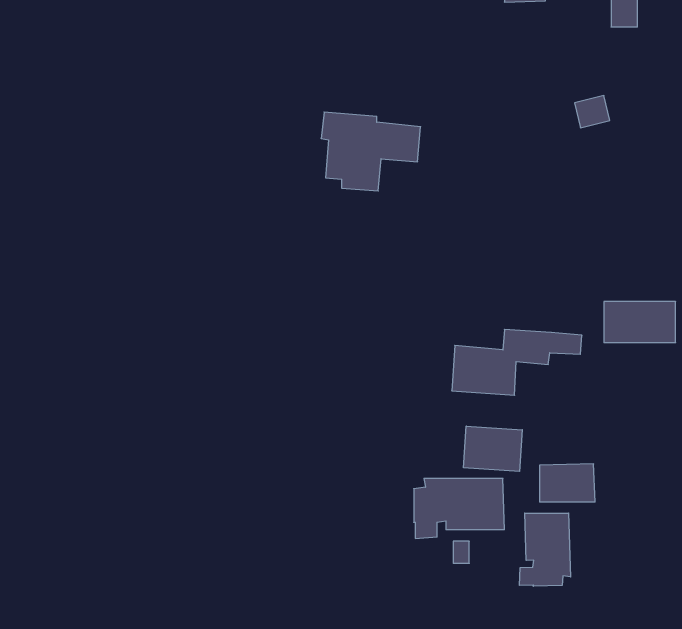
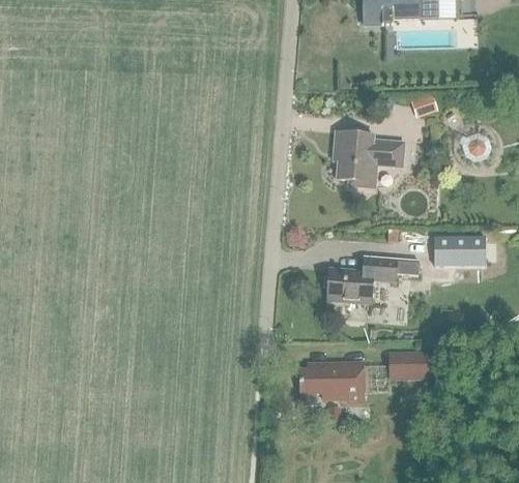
building: [321,112,421,191] -> [334,131,404,187]
building: [464,426,522,471] -> none
building: [519,513,571,586] -> none

